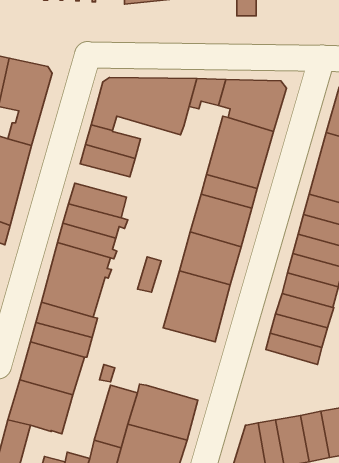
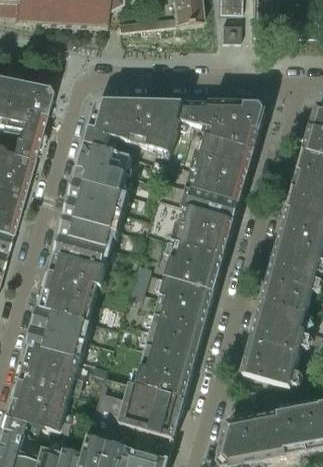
building: none -> [70,178,124,209]
building: none -> [136,330,200,397]
building: none -> [241,350,295,384]

